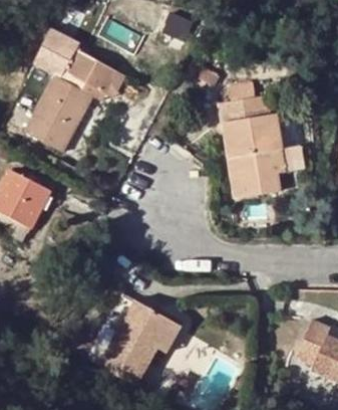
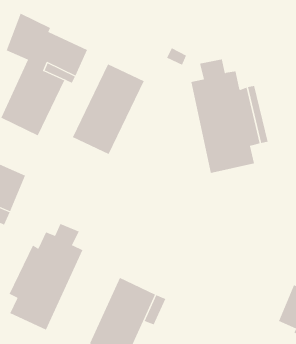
building: none -> [72,64,145,155]
building: none -> [9,223,83,331]

